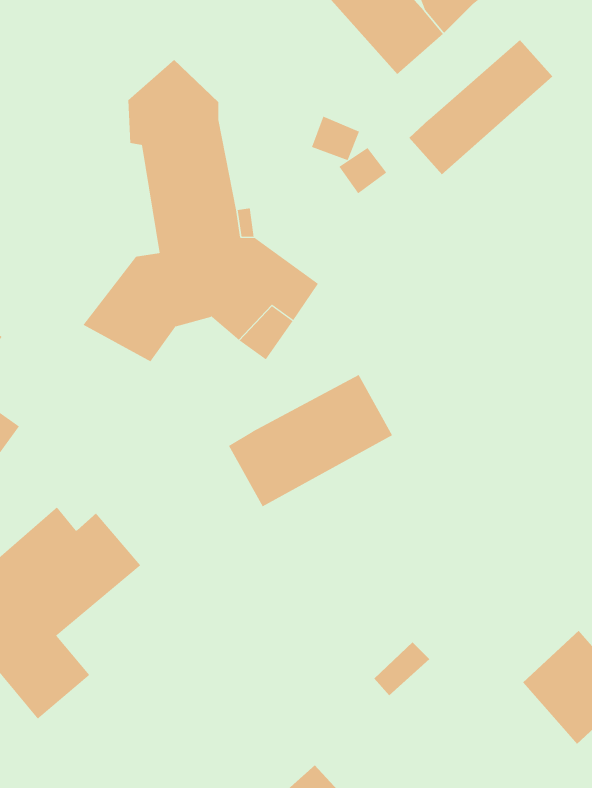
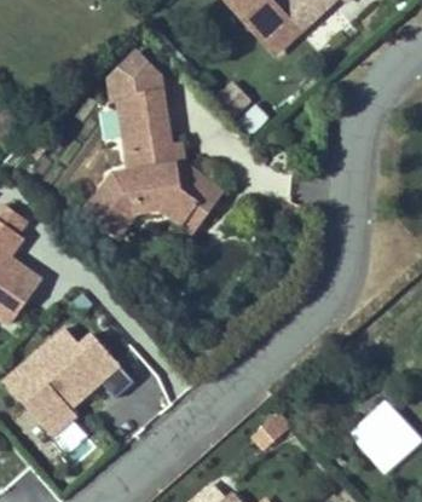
building: [408,39,553,175] -> none
building: [228,374,393,507] -> none

